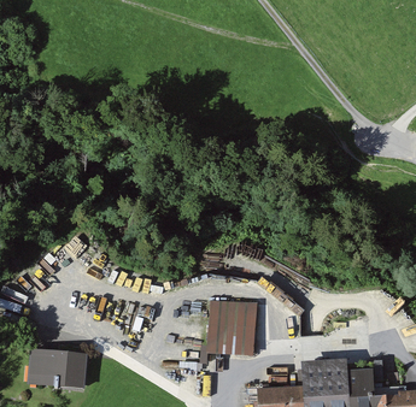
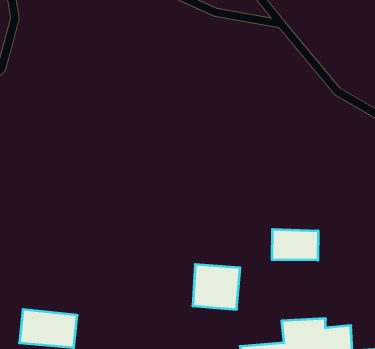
building: none -> [272,229,318,260]

